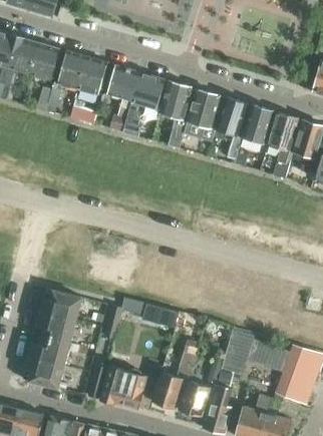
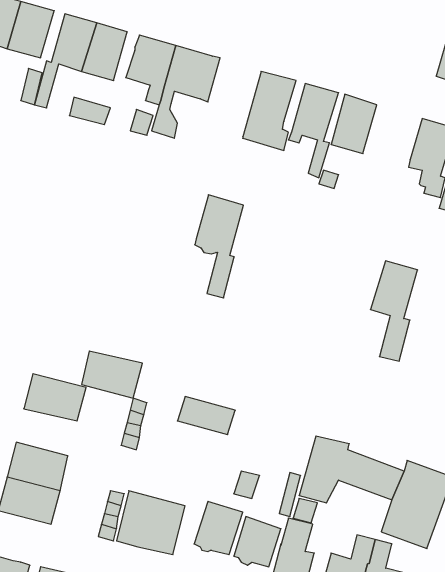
building: [159,80,192,148] -> [195,195,243,298]
building: [267,112,298,178] -> [370,261,418,361]
building: [34,312,74,343] -> [82,351,142,398]

